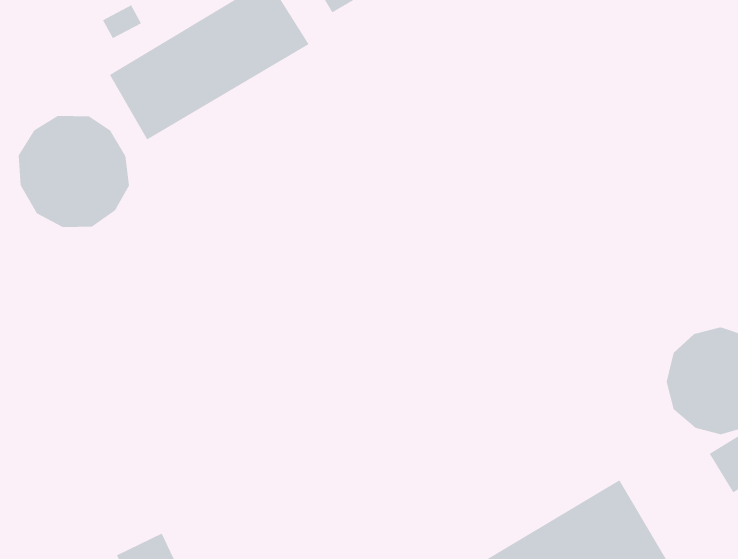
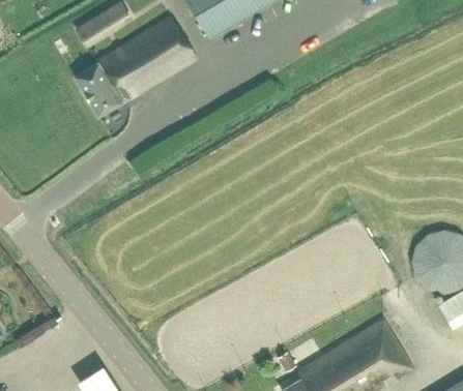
building: [18,115,130,228] -> none

